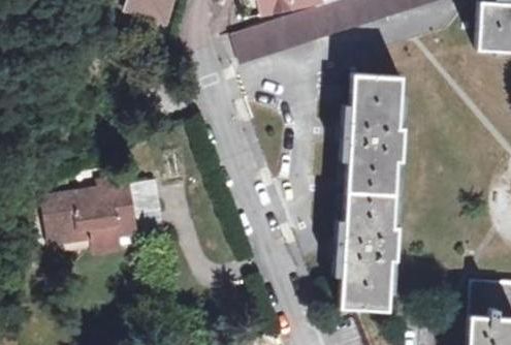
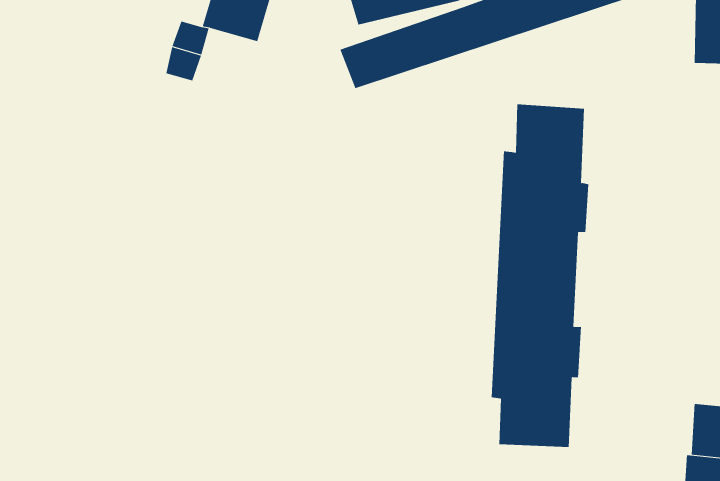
building: [49,178,164,249] -> none

